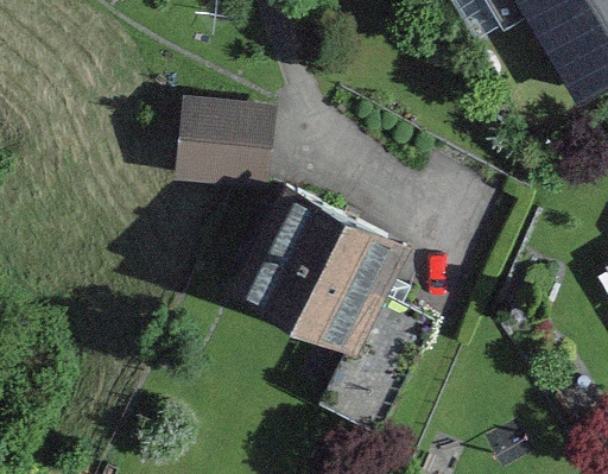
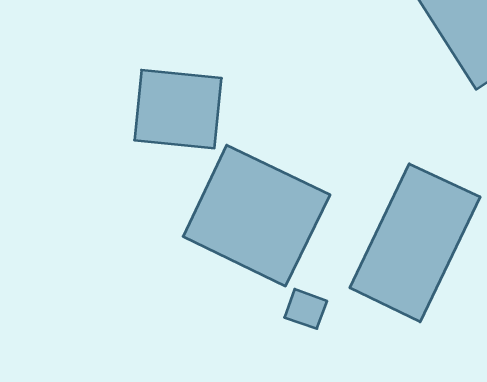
building: none -> [350,164,480,322]

